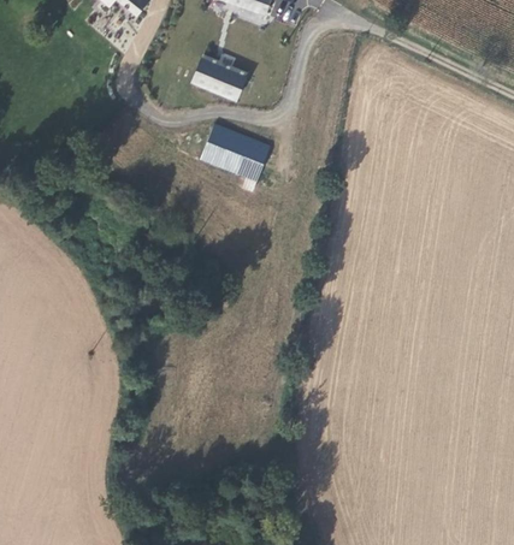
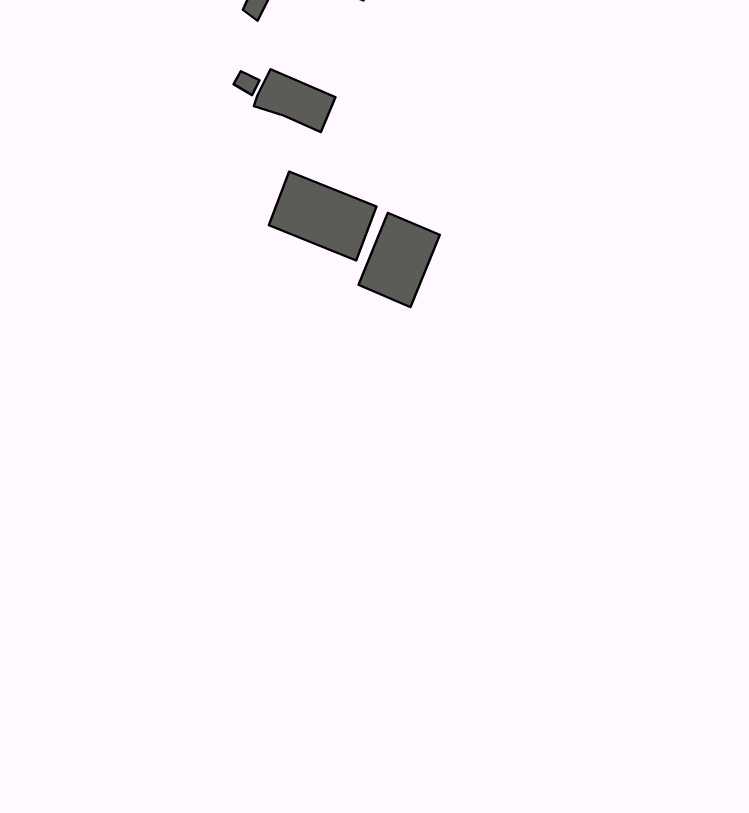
building: none -> [358,213,440,307]

